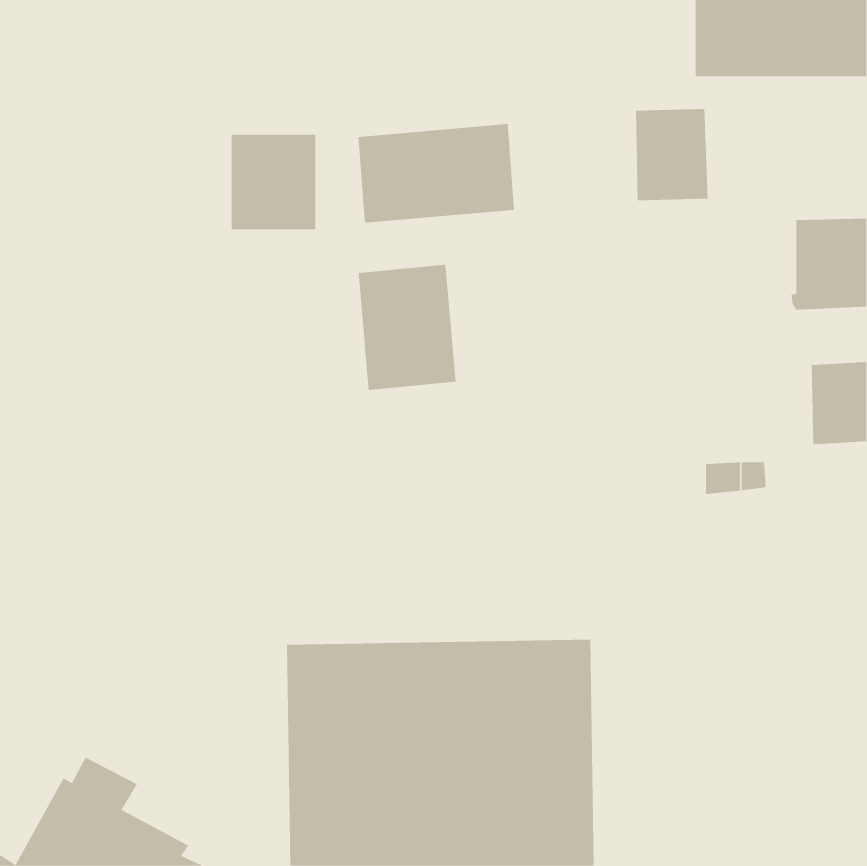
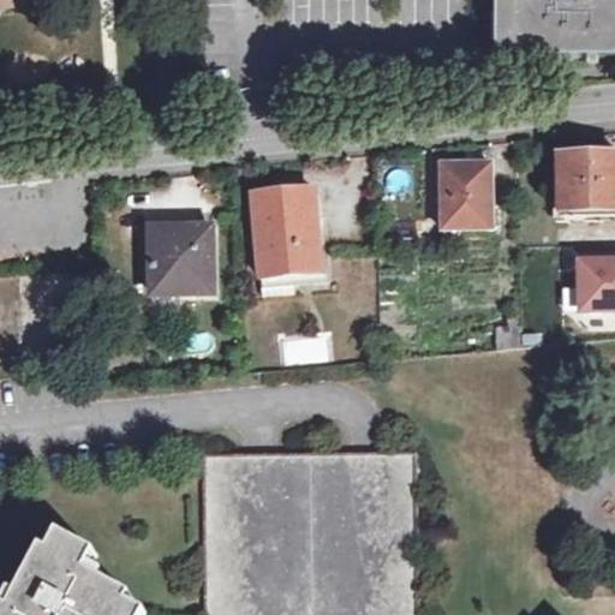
building: [635,109,708,201] -> [441,163,492,228]
building: [358,123,515,223] -> none
building: [231,134,316,230] -> [153,227,213,294]

